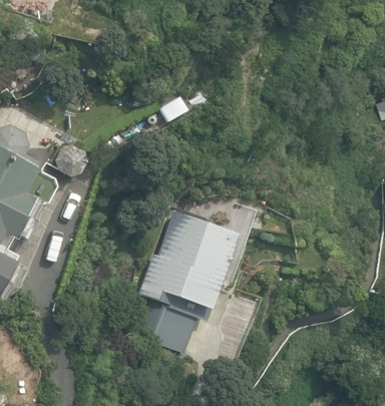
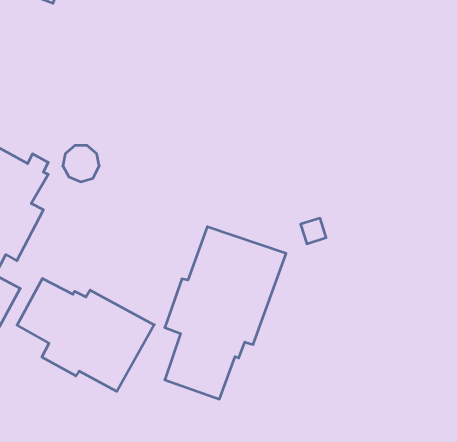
building: none -> [17,278,154,391]

